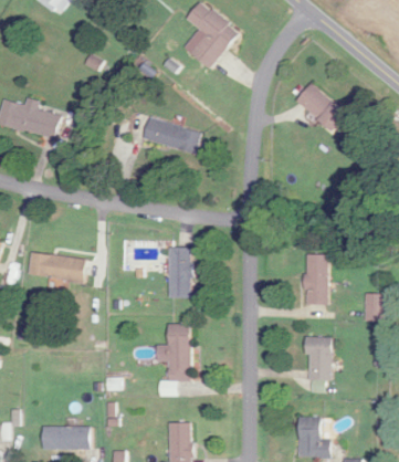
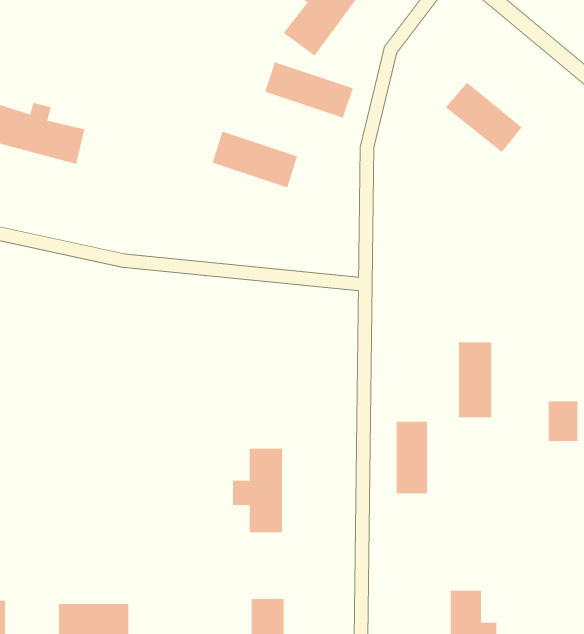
building: none -> [264,62,353,118]
building: [169,246,191,296] -> none
building: [29,252,84,281] -> none
building: [308,336,329,384] -> [396,421,428,494]

